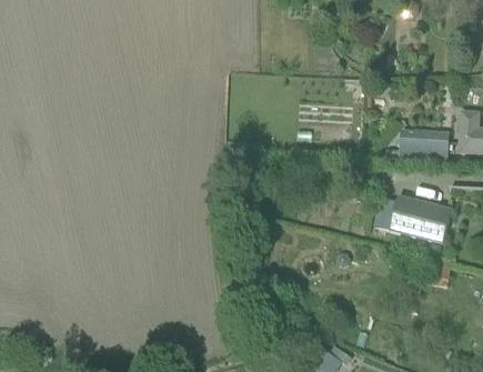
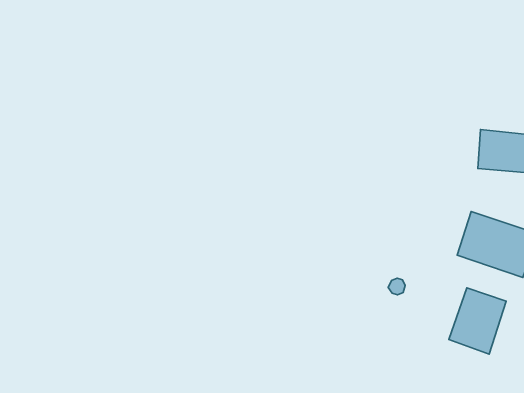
building: none -> [449,288,506,354]

